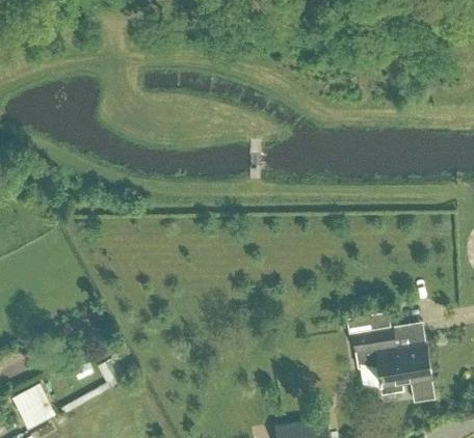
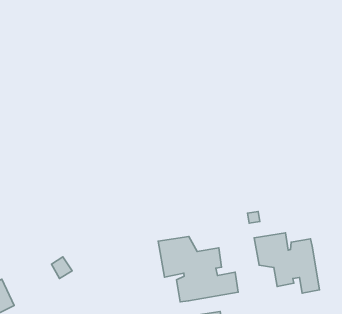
building: none -> [158,236,238,302]

